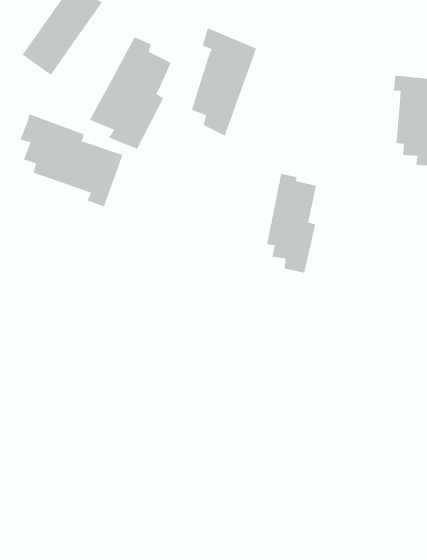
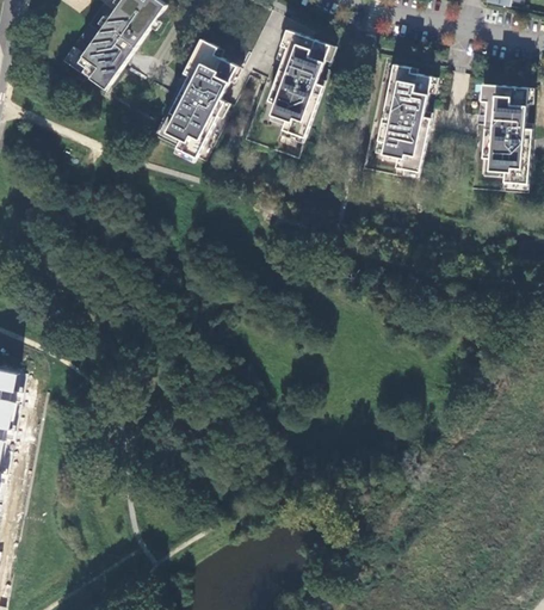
building: [19,113,123,207] -> none
building: [266,173,317,274] -> [376,61,431,170]

